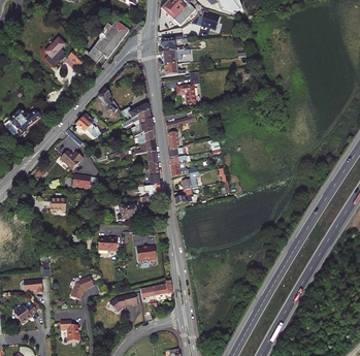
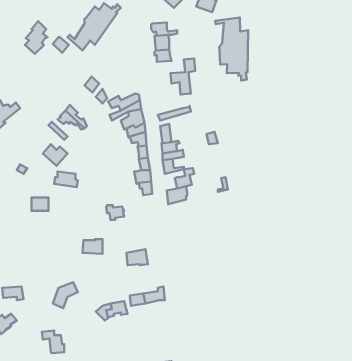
building: none -> [215,18,248,80]

